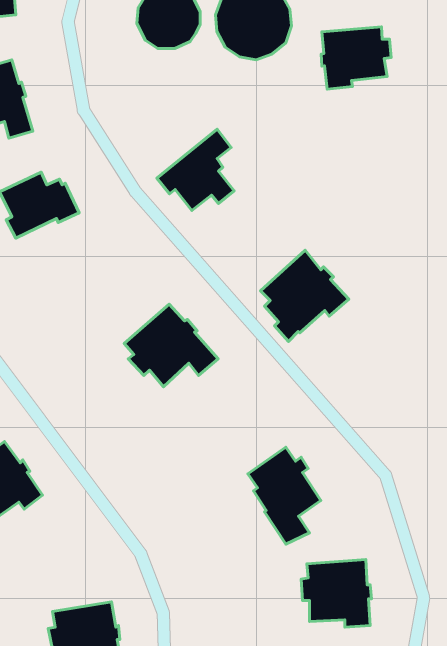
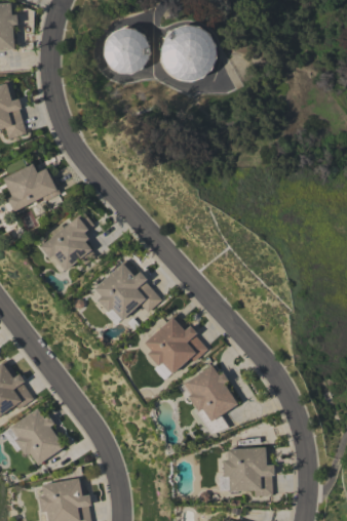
building: [321,27,391,89] -> none
building: [157,129,234,211] -> [39,210,95,270]
building: [260,250,349,341] -> [143,313,207,379]
building: none -> [9,408,63,464]

